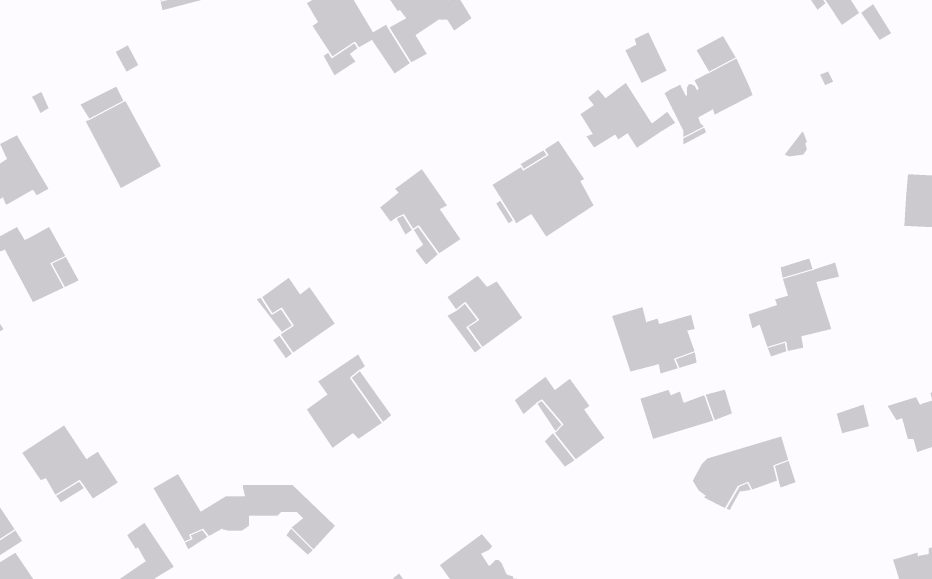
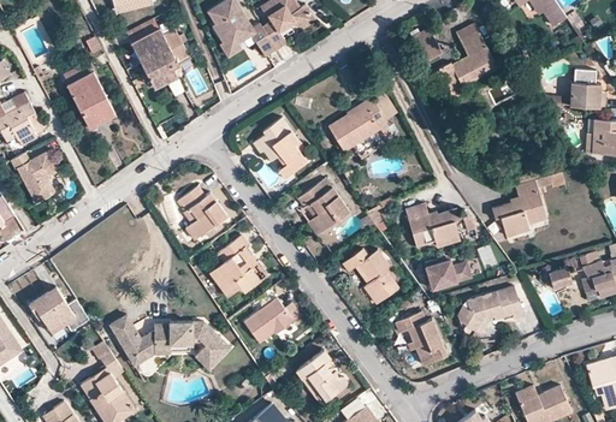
building: none -> [126,18,189,88]
building: [580,82,676,149] -> none
building: none -> [570,83,605,108]
building: none -> [242,299,301,343]
building: none -> [396,315,445,364]

